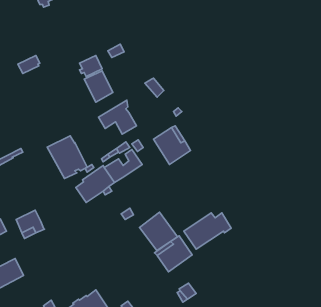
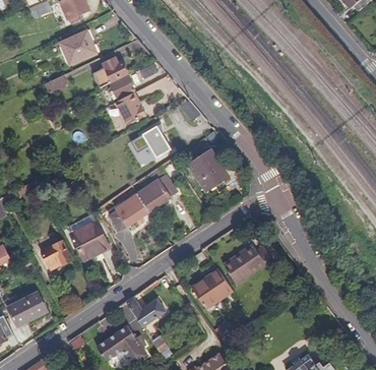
building: none -> [61,30,98,65]
building: none -> [90,55,127,86]
building: [47,136,87,179] -> [66,214,109,260]
building: [139,212,177,250] -> none
building: none -> [125,297,167,328]

